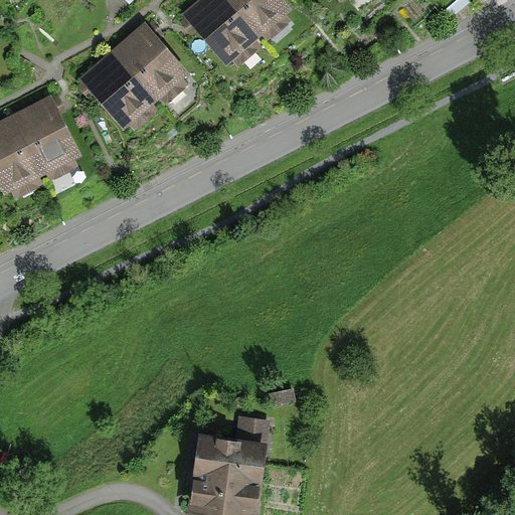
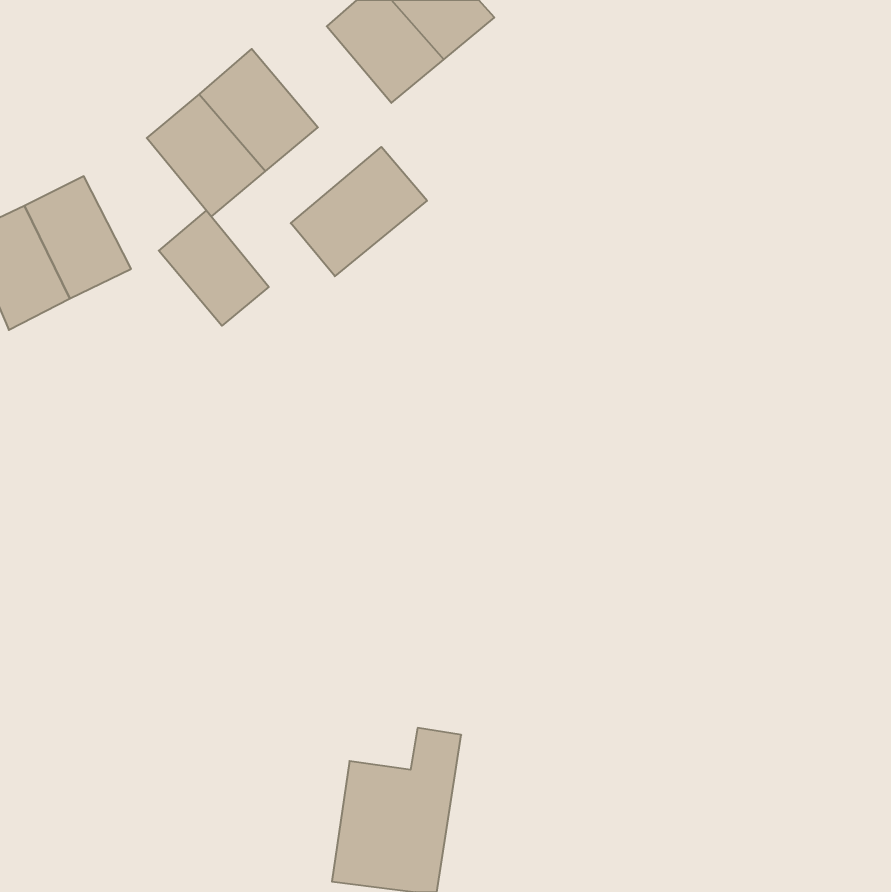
building: none -> [291,147,427,276]
building: none -> [159,210,269,326]

